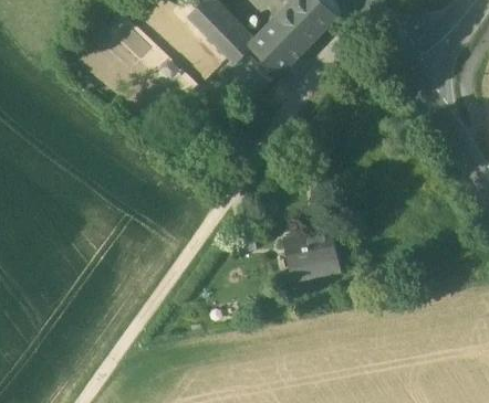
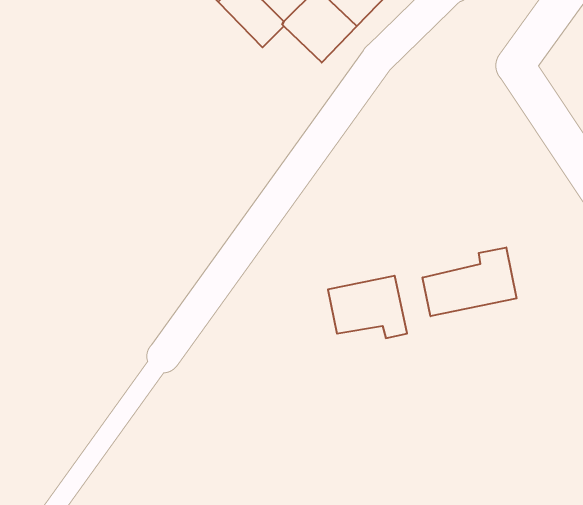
building: none -> [423,247,517,316]

